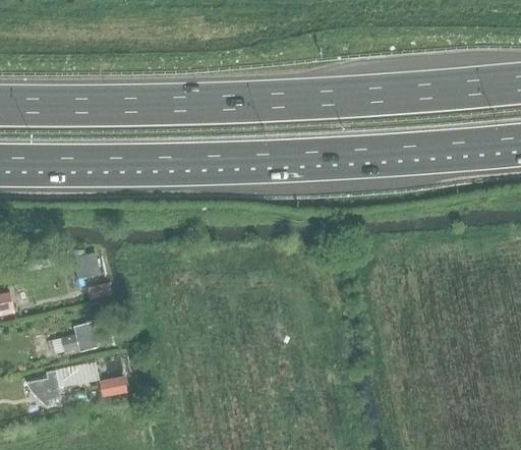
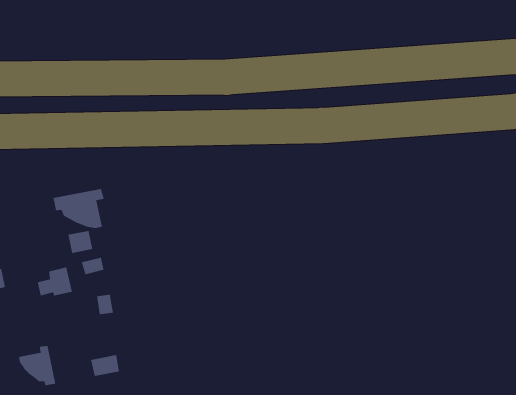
building: none -> [53,188,105,229]
building: [62,321,98,350] -> [37,267,73,296]

